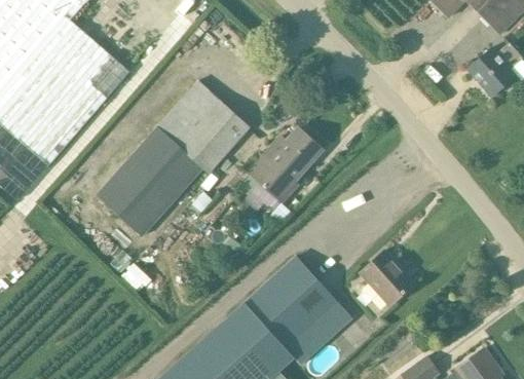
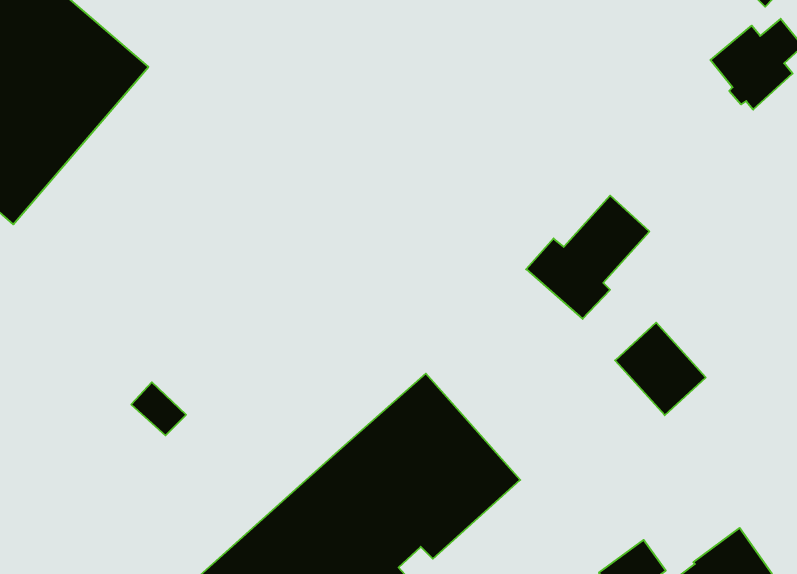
building: [96,80,250,236] -> none
building: [248,127,322,201] -> [526,196,649,319]
building: [360,250,414,305] -> [615,323,706,415]

